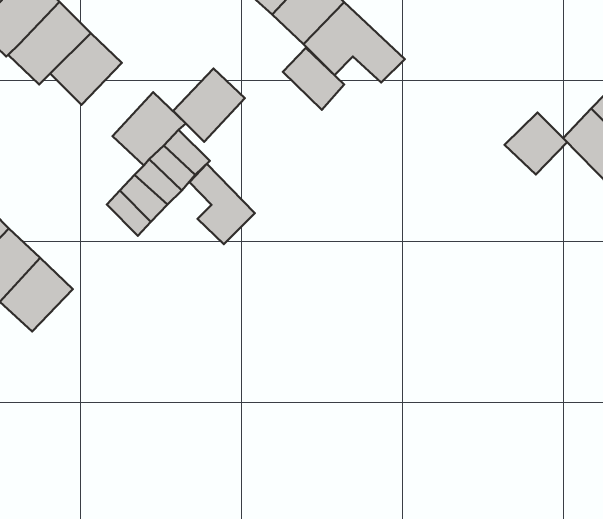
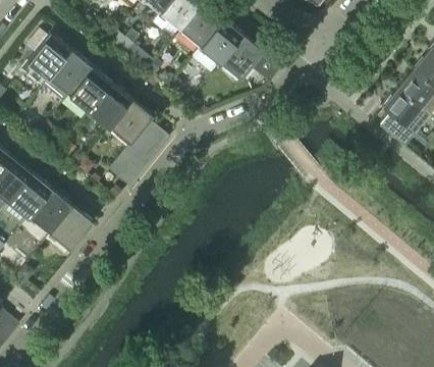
building: [283,48,344,110] -> none
building: [173,69,245,142] -> [89,84,131,128]
building: [504,112,567,174] -> none
building: [190,164,255,244] -> none

